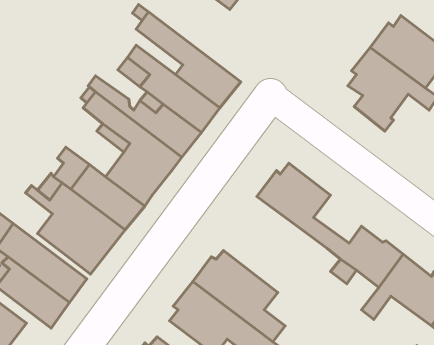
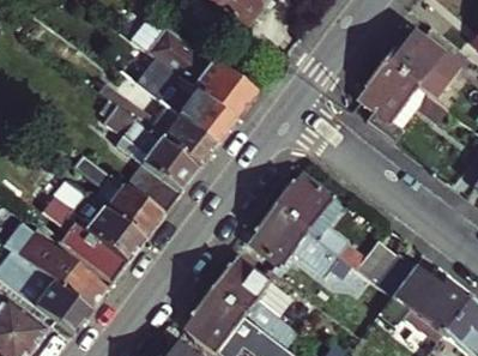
building: none -> [253,206,341,276]

